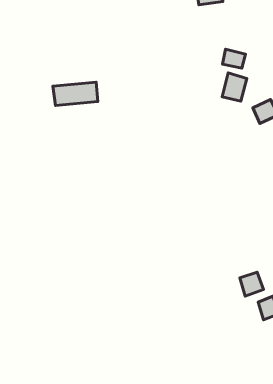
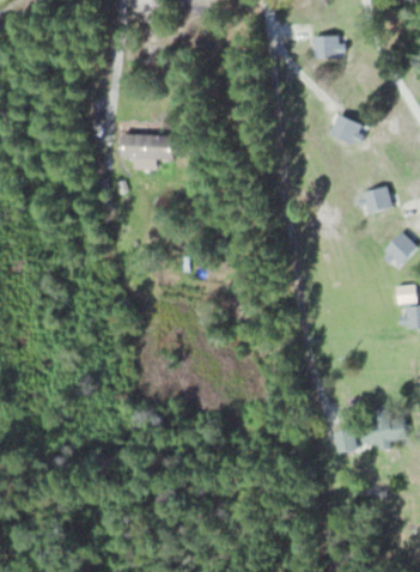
building: [222,73,247,101] -> none
building: [240,272,263,296] -> none

